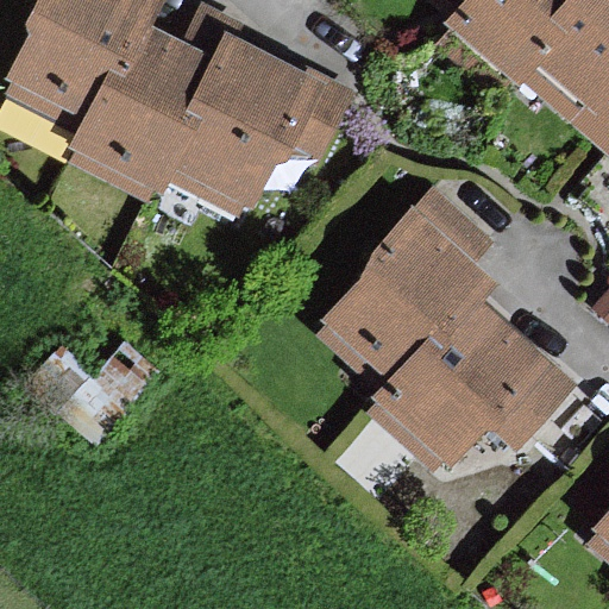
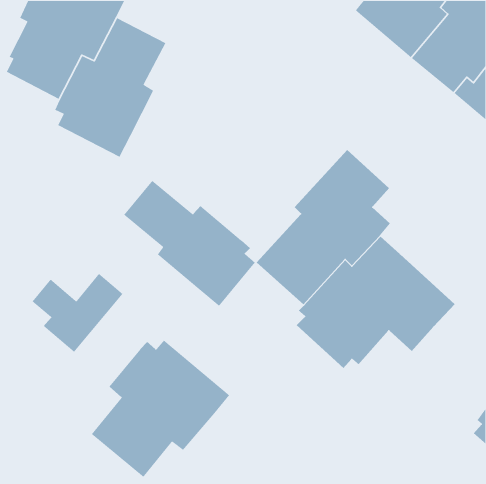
building: [164,30,349,212] -> none
building: none -> [123,180,256,307]
building: none -> [91,340,230,478]

